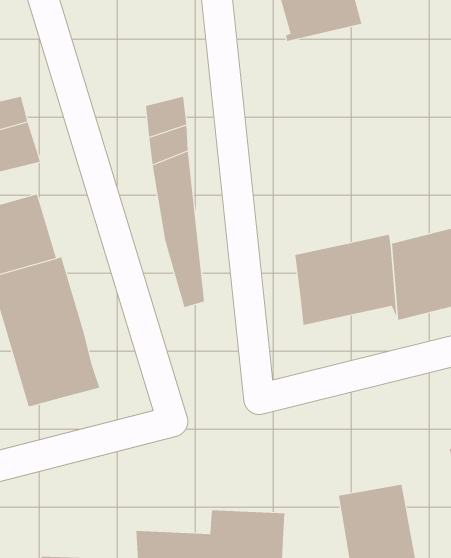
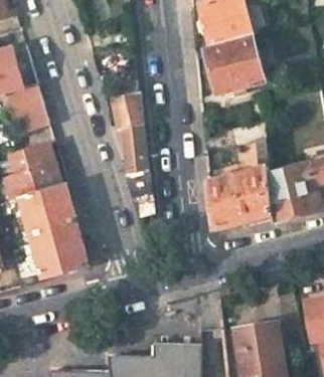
building: none -> [203,37,262,93]
building: none -> [234,140,268,175]

